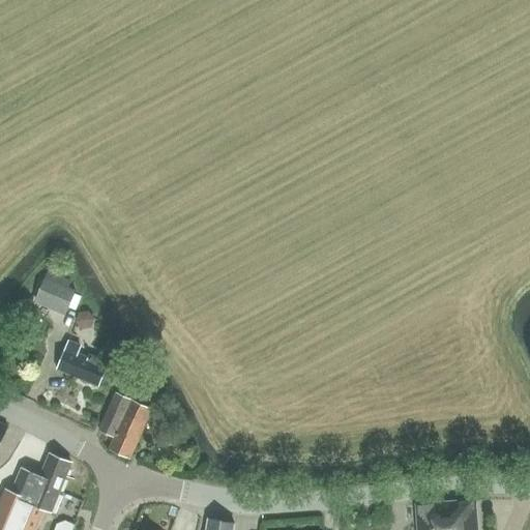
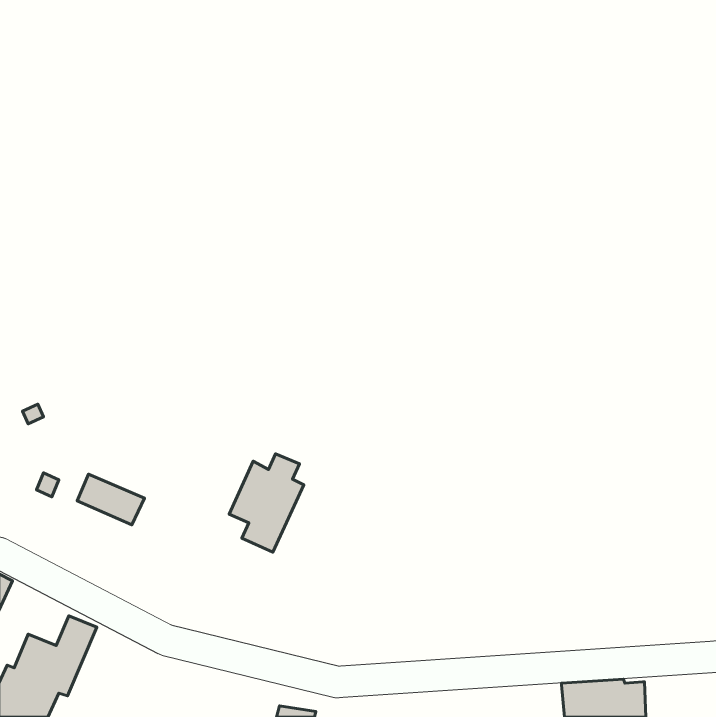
building: [33,276,75,312] -> none
building: [97,386,152,459] -> [229,454,304,552]

